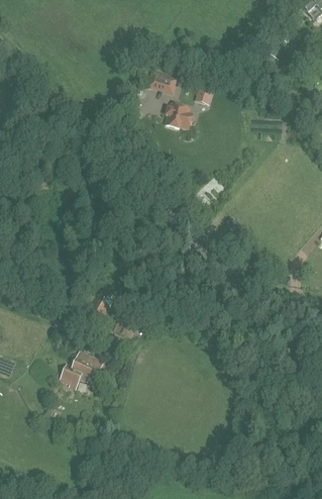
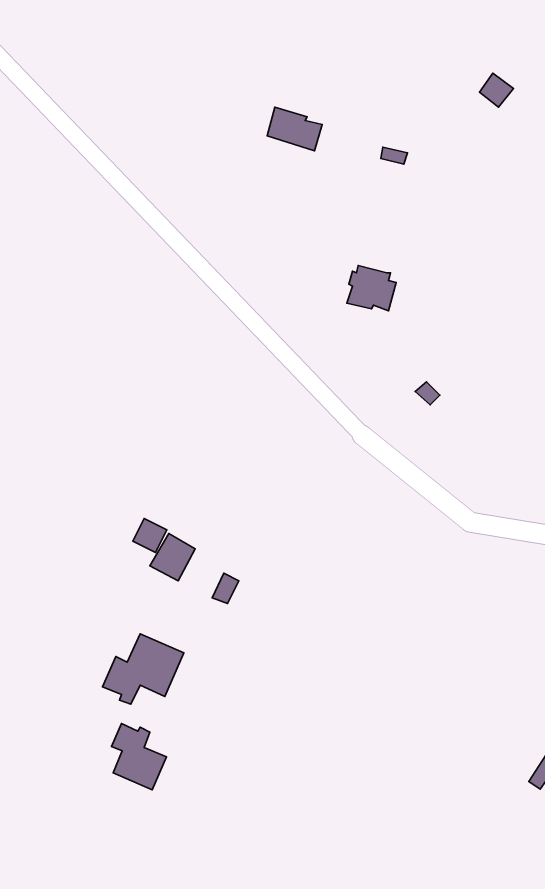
building: [166,103,192,127] -> [347,265,396,311]
building: none -> [111,724,167,790]

